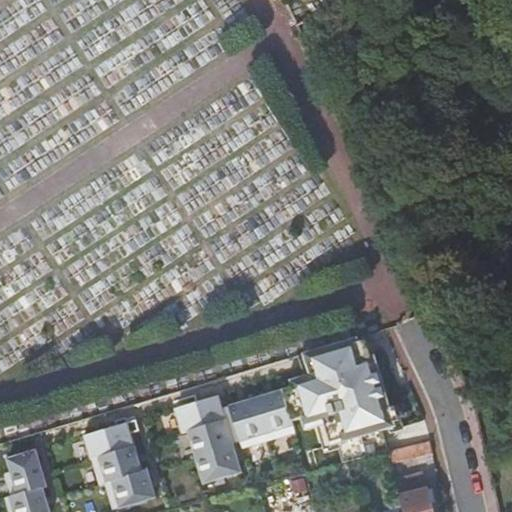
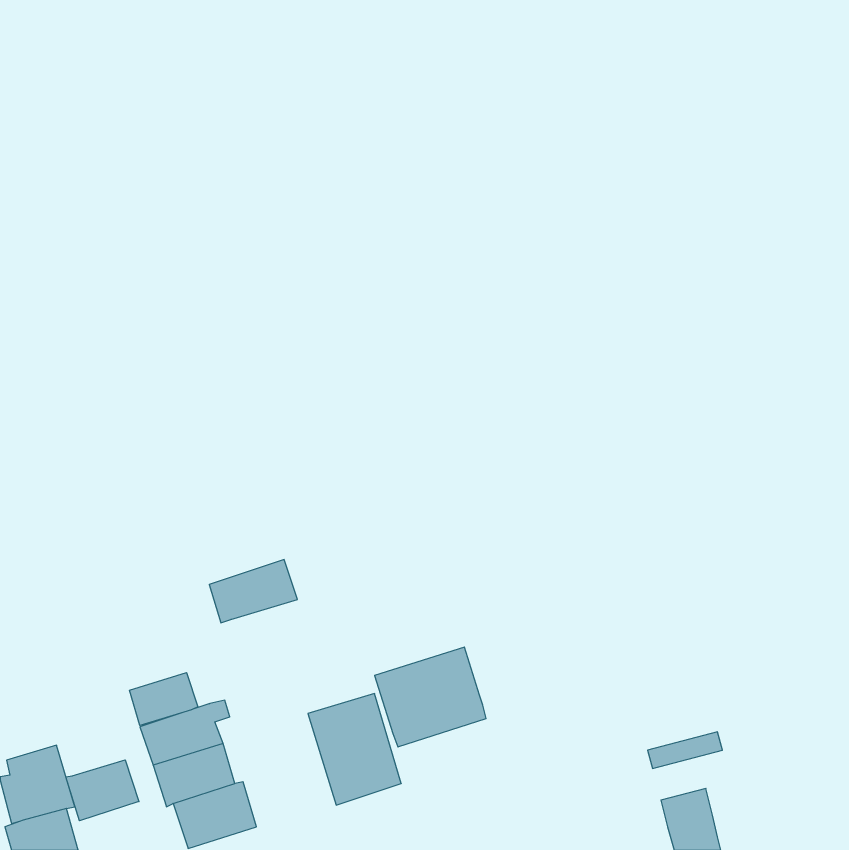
building: [280,345,393,438] -> none
building: [173,393,226,431] -> [209,560,297,623]
building: none -> [129,673,198,725]
building: none -> [66,760,139,821]

